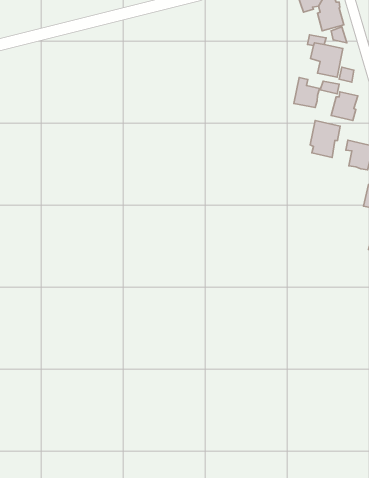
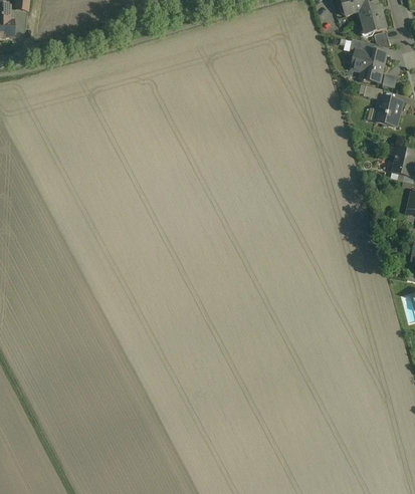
building: [294,77,320,108] -> none
building: [310,121,340,158] -> none

